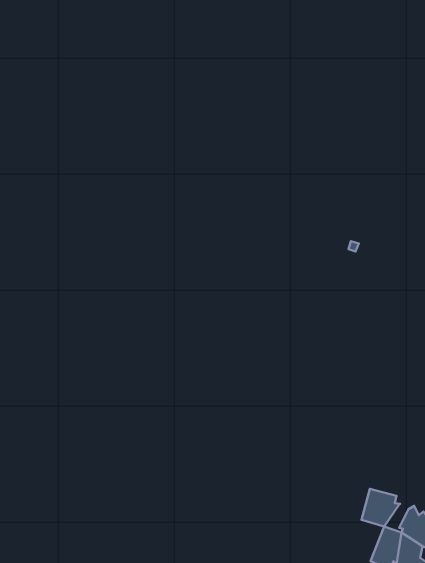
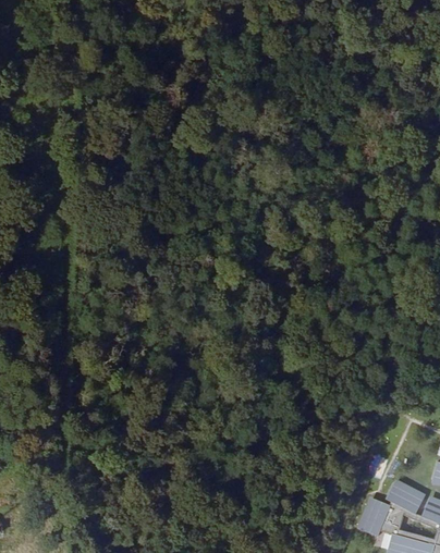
building: [362,489,400,527] -> none

